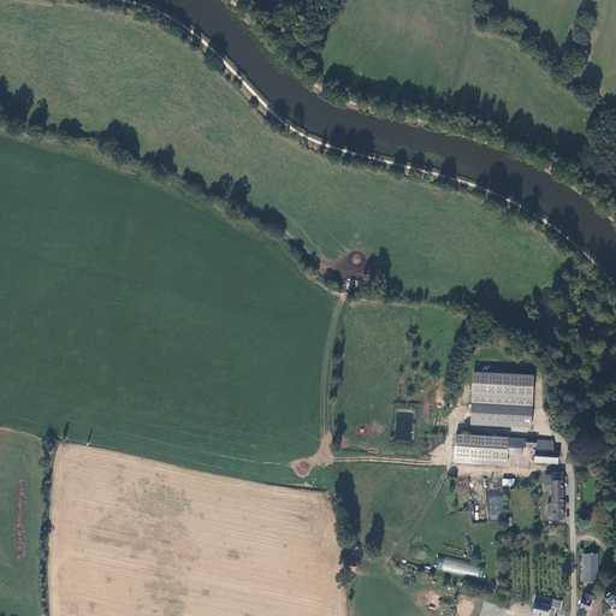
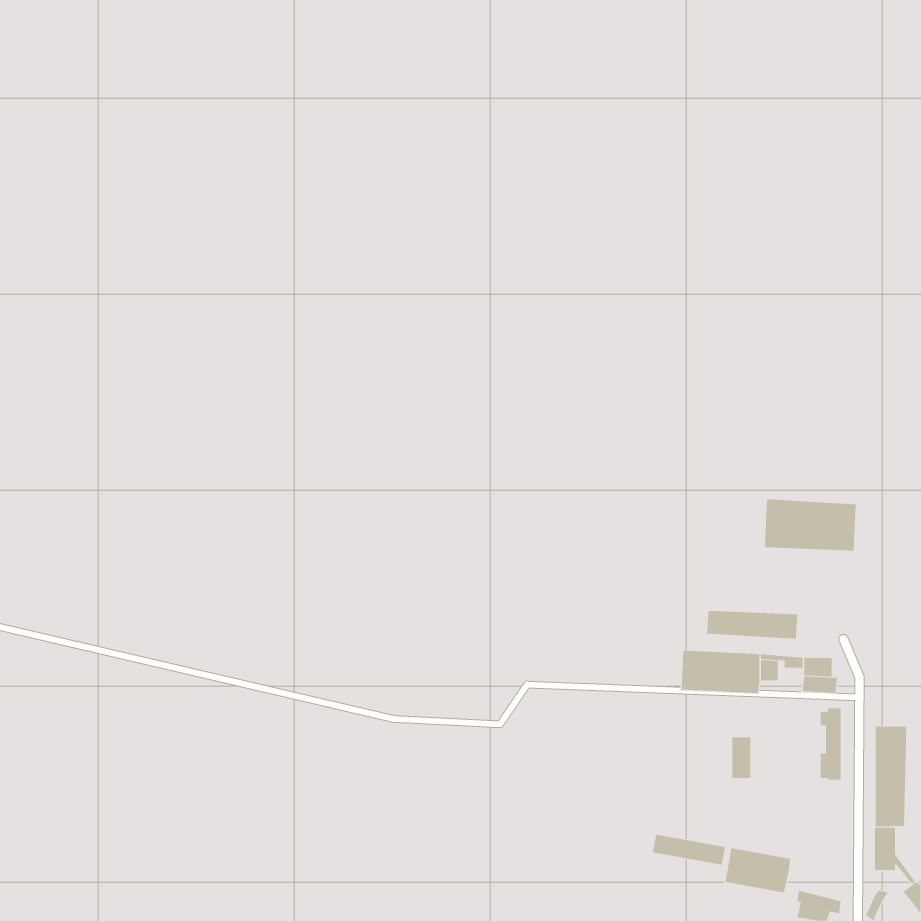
building: [472,374,533,409] -> [764,499,856,551]
building: none -> [875,726,907,827]
building: none -> [725,848,790,893]

